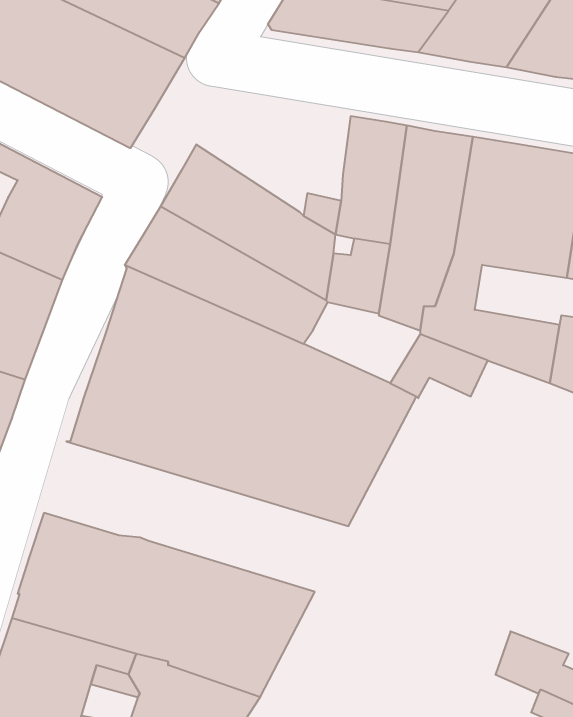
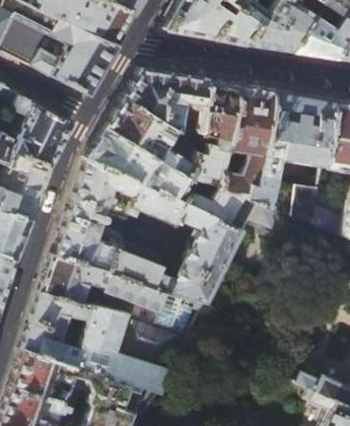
building: none -> [124,68,207,131]
building: none -> [182,187,244,223]
building: none -> [42,255,206,336]

